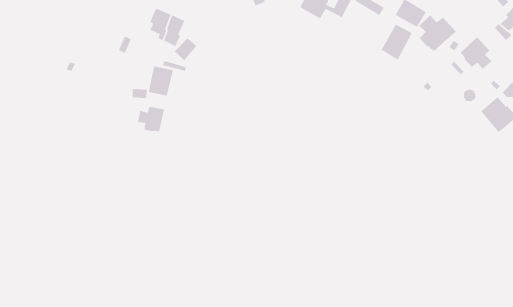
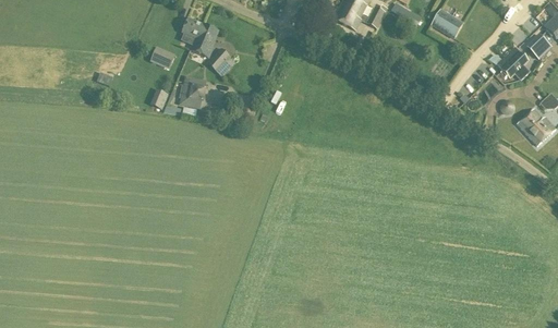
building: [418,14,456,52] -> none
building: [380,24,413,61] -> none
building: [137,106,165,132] -> none

